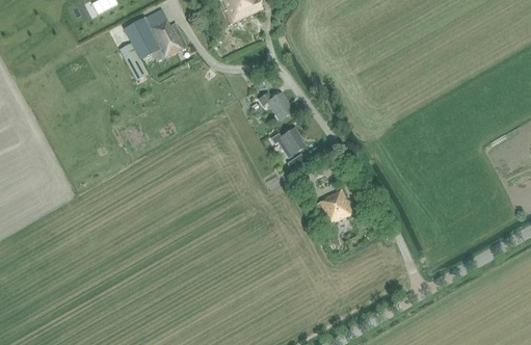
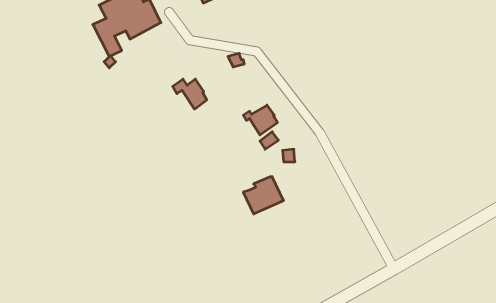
building: [258,90,292,121] -> [173,79,207,109]
building: [313,188,353,225] -> [243,177,284,214]

